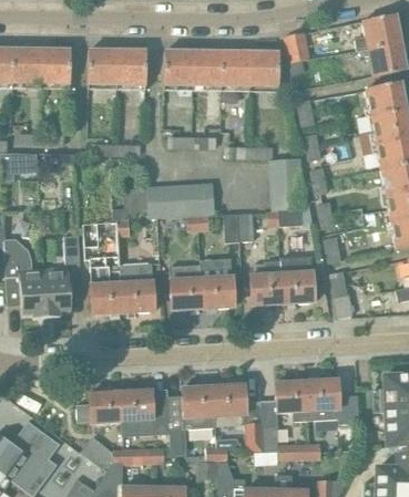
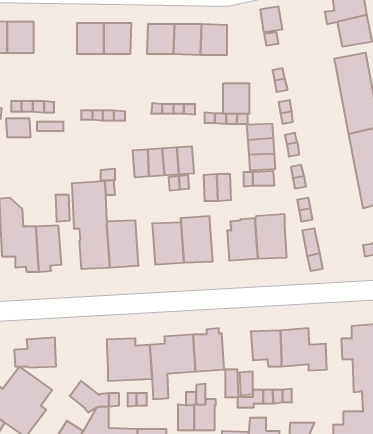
building: [41,49,70,82] -> none
building: [249,52,278,84] -> [223,84,250,113]
building: [75,391,121,423] -> [14,338,56,367]

